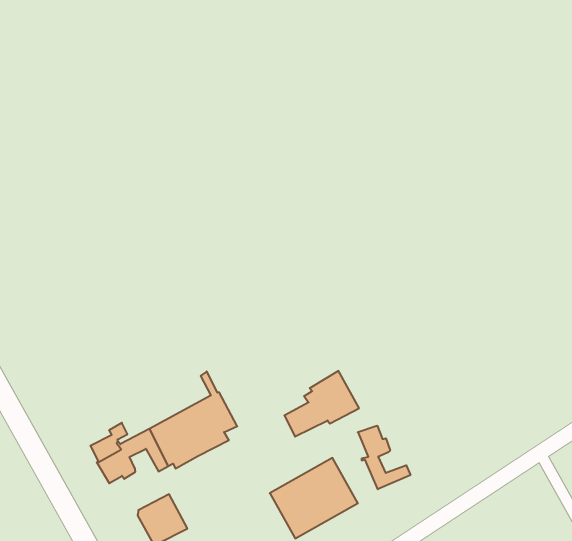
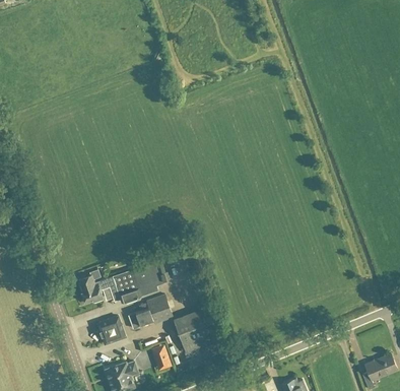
building: [284,371,359,437] -> [128,292,172,326]
building: [358,426,410,489] -> none

